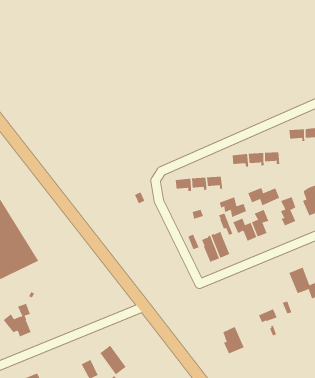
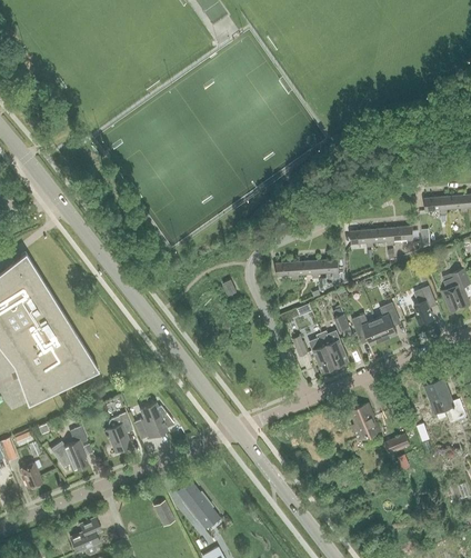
building: [248,187,280,206] -> none
building: [219,196,247,218] -> none
building: none -> [139,402,176,440]
building: none -> [106,413,131,454]
building: [222,326,244,354] -> [351,405,380,441]

